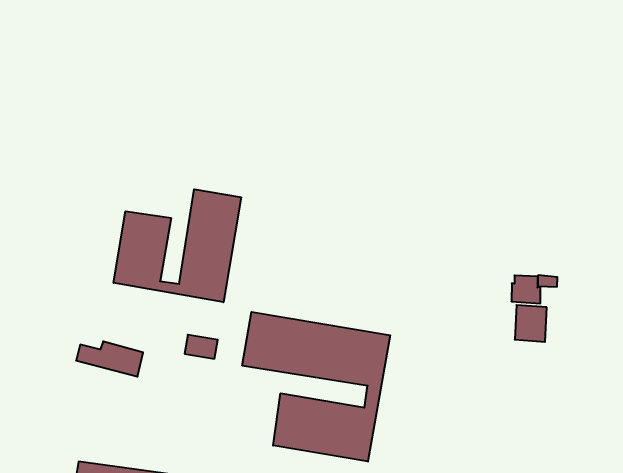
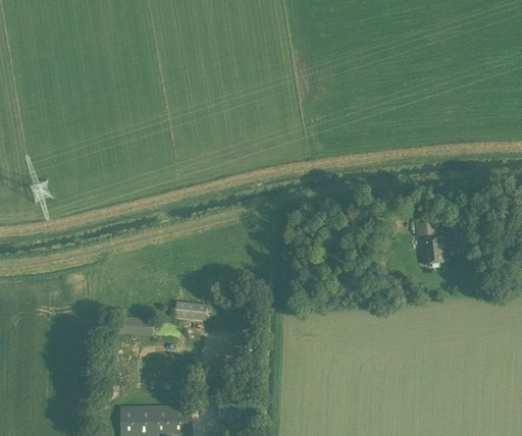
building: [114,189,241,302] -> none
building: [242,312,390,462] -> none

